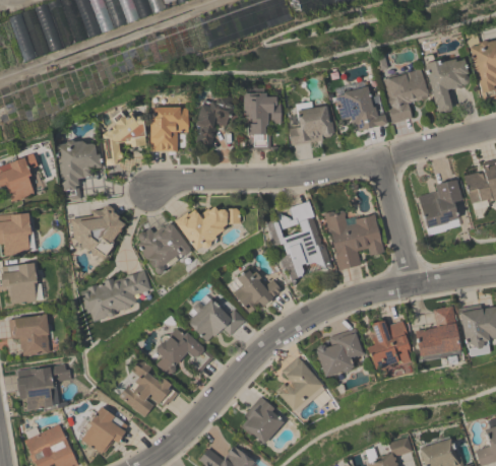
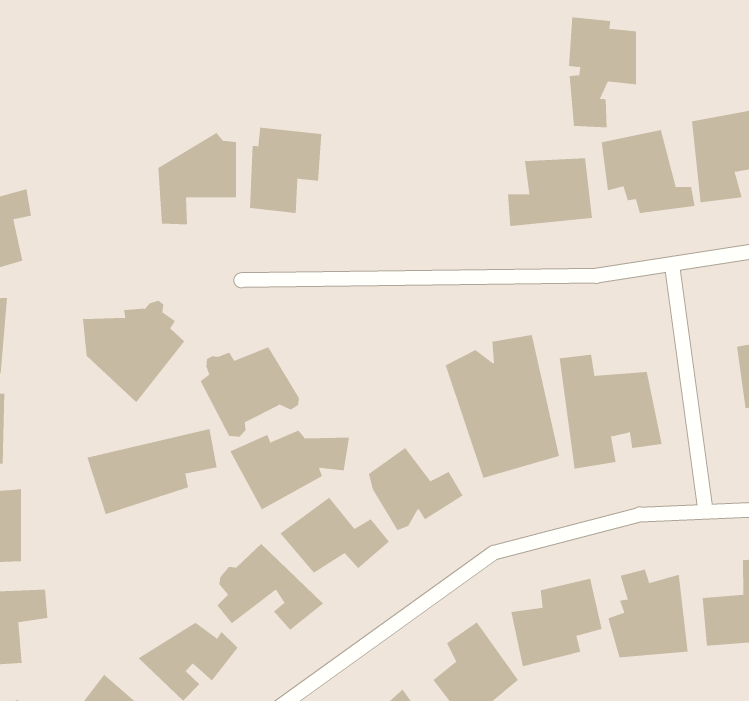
building: [245,92,284,150] -> [568,17,637,128]
building: [195,95,233,148] -> none
building: [57,141,102,191] -> none
building: [177,206,240,251] -> [230,430,350,510]

